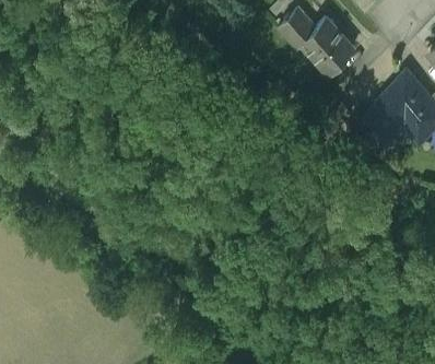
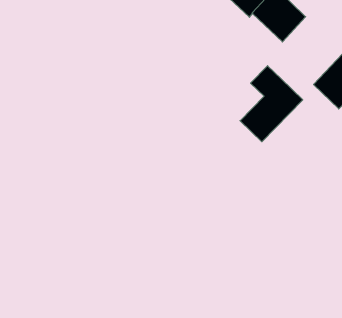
building: none -> [240,66,303,142]

